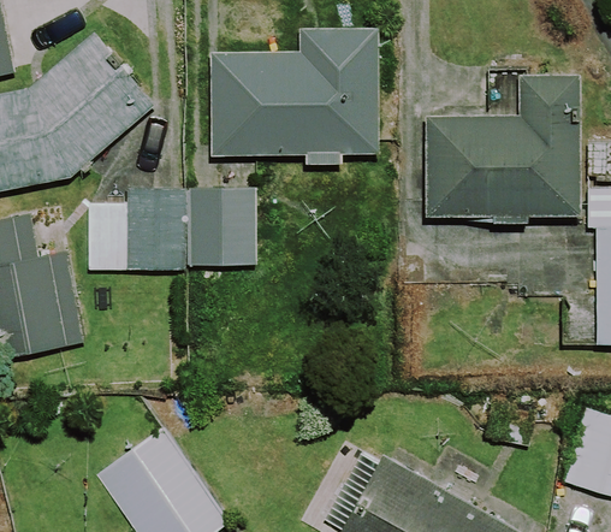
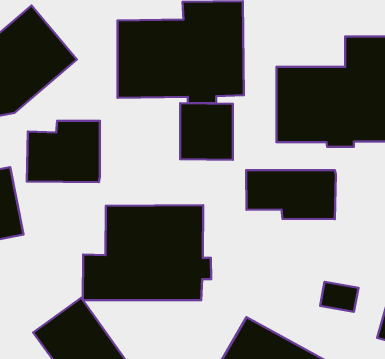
building: [186,189,257,266] -> [180,103,233,160]
building: none -> [246,170,336,219]
building: none -> [83,205,211,300]

